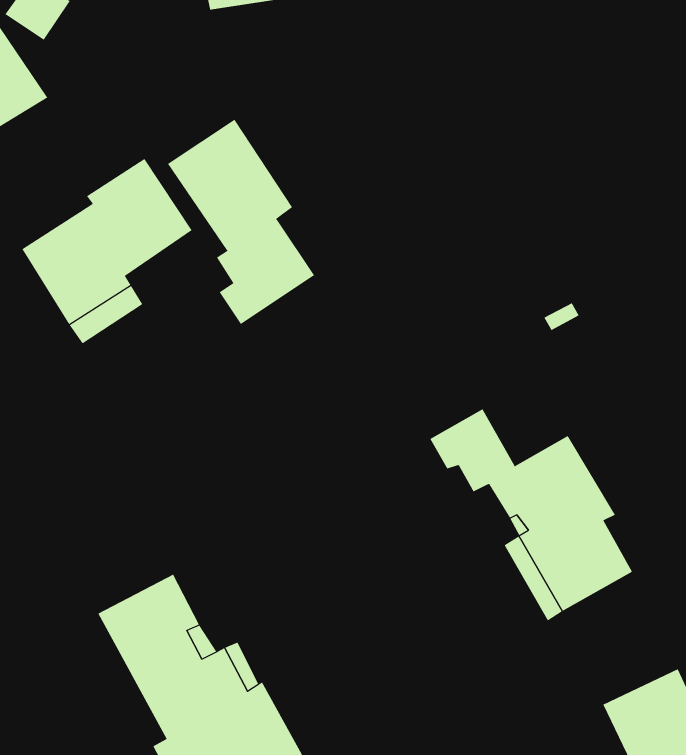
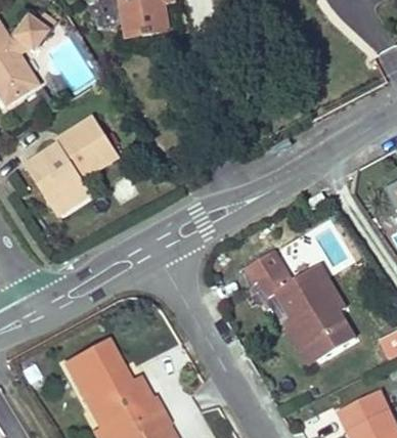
building: [167,119,315,325] -> none

